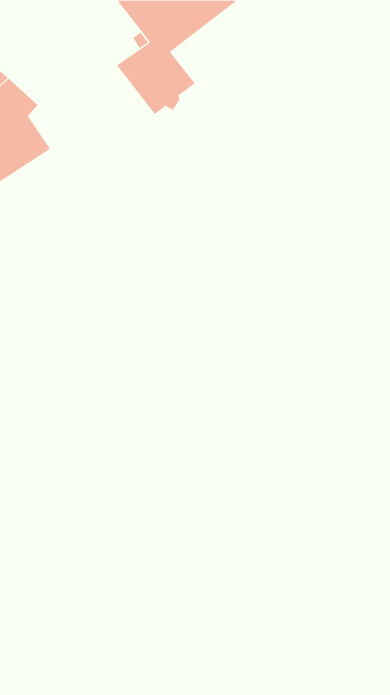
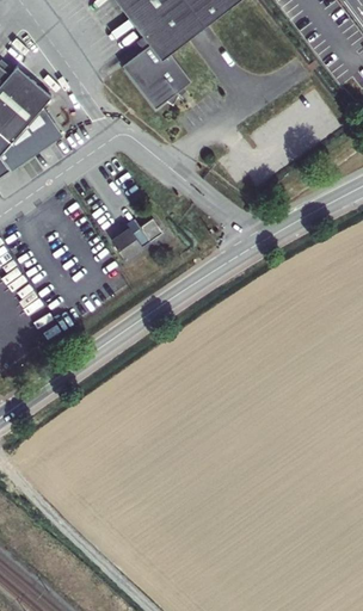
building: none -> [117,216,168,260]

